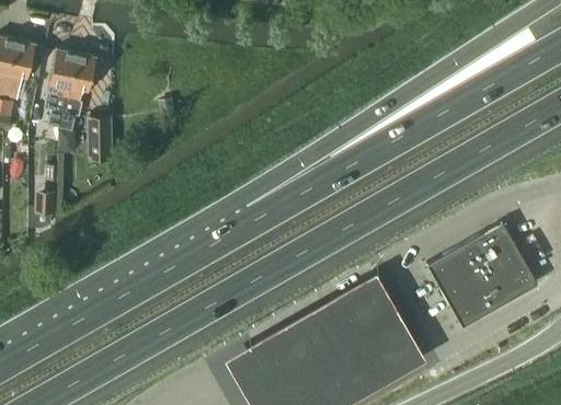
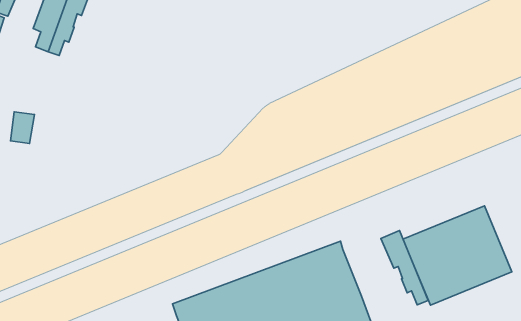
building: [91,120,113,162] -> none
building: none -> [381,231,428,305]

